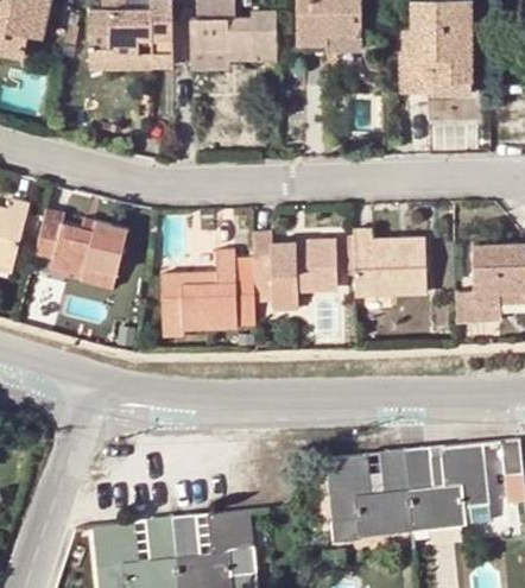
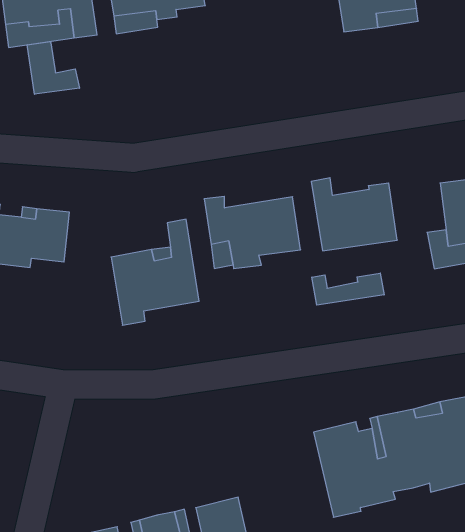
building: none -> [27,42,79,94]
building: none -> [312,273,384,305]

